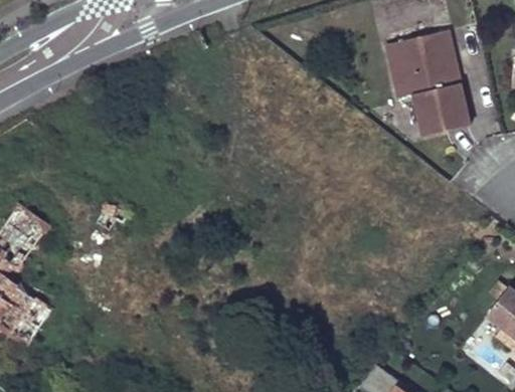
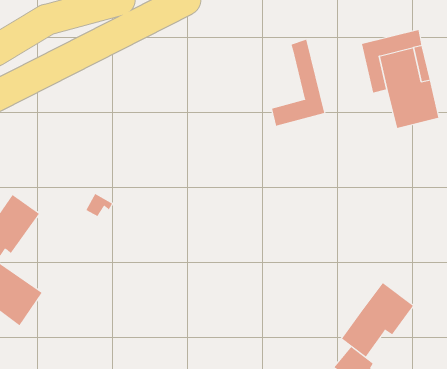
building: none -> [272,39,325,127]
building: none -> [341,282,414,357]

